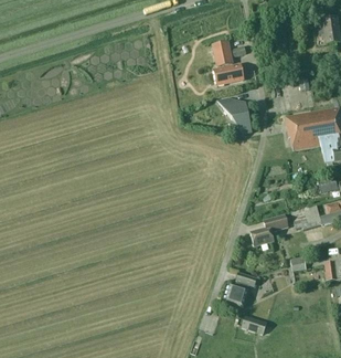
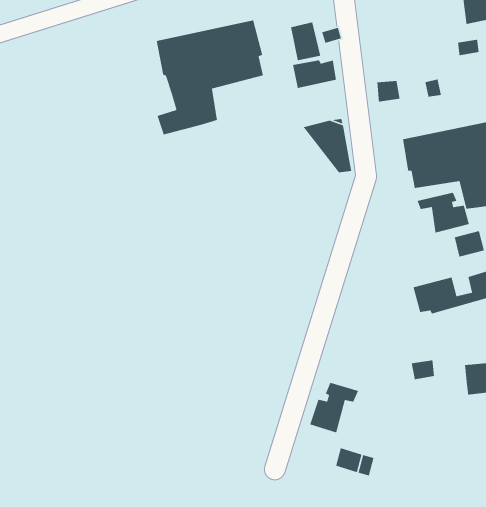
building: none -> [156,19,264,136]
building: none -> [416,192,470,233]
building: [251,213,289,244] -> none

